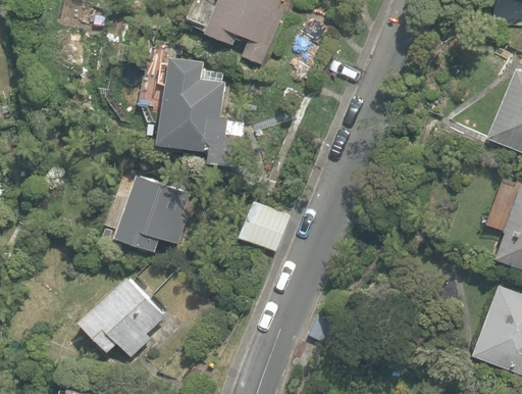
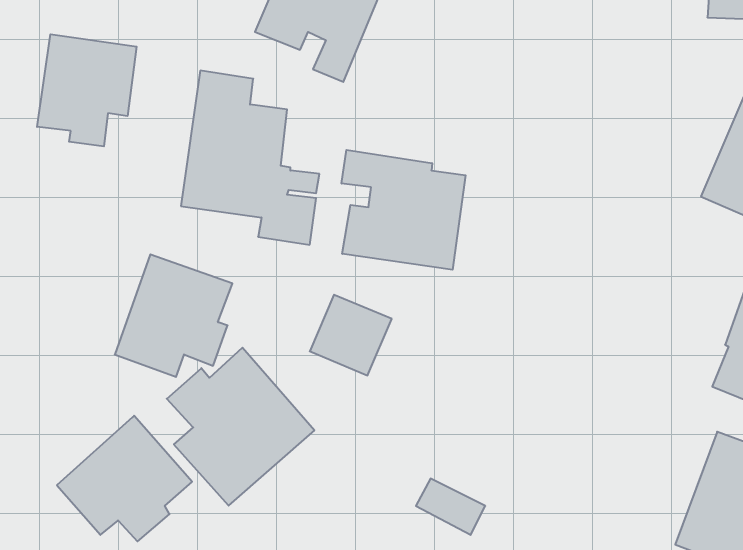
building: none -> [37,34,137,146]
building: none -> [342,150,466,270]
building: none -> [167,348,314,506]

